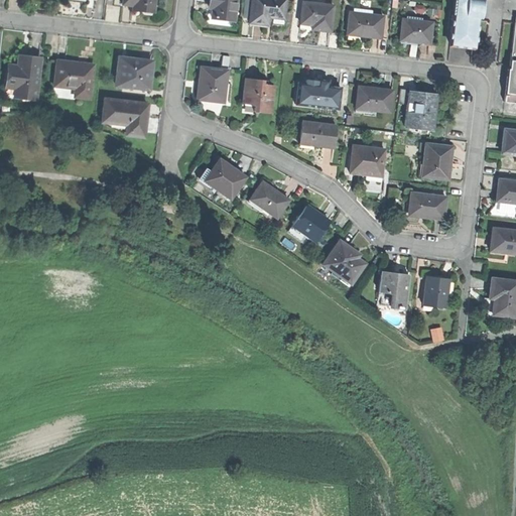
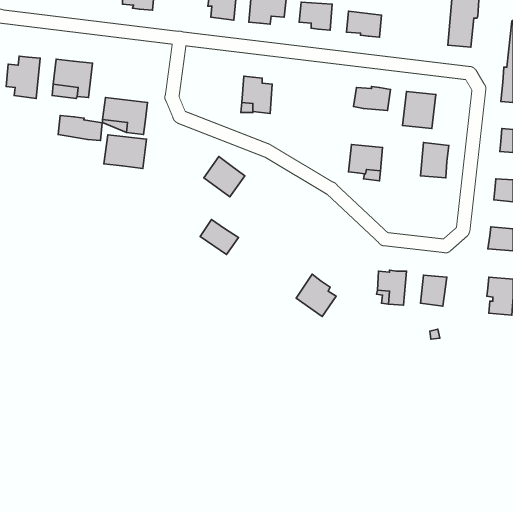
building: [400,19,431,43] -> none
building: [116,58,152,88] -> none
building: [199,67,227,101] -> none
building: [303,80,341,109] -> none
building: none -> [58,115,102,140]
building: [299,121,337,148] -> none
building: none -> [104,135,147,168]
building: [251,181,289,217] -> [200,219,238,254]
building: [408,194,444,220] -> none
building: [293,205,330,240] -> none
building: [325,240,365,282] -> [296,274,336,316]

